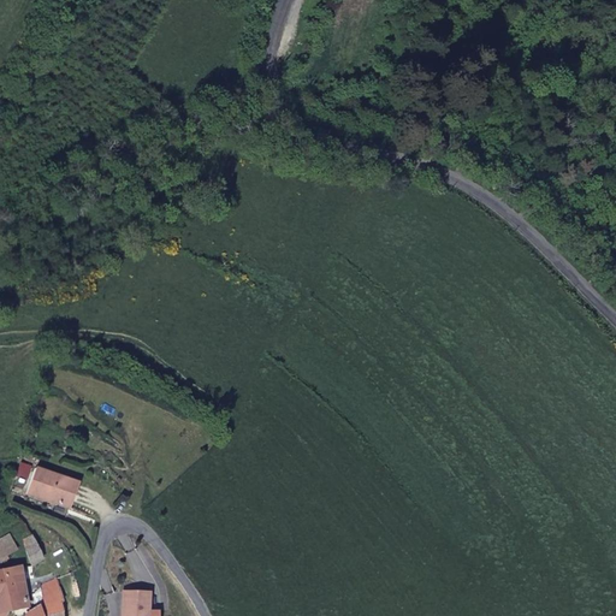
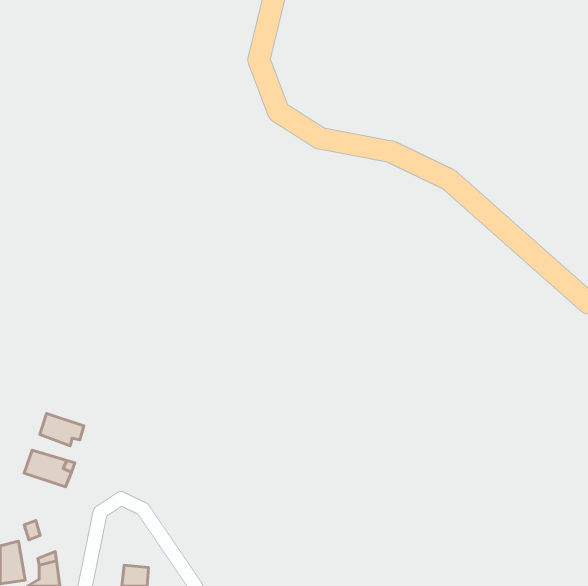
building: none -> [40,414,84,446]

